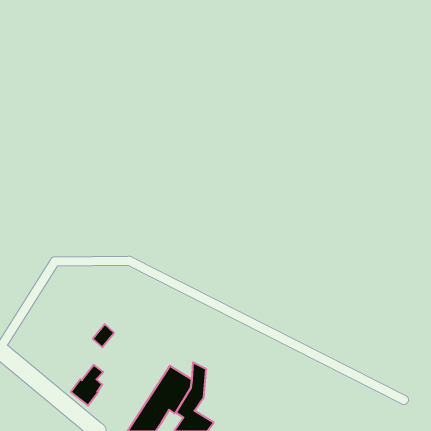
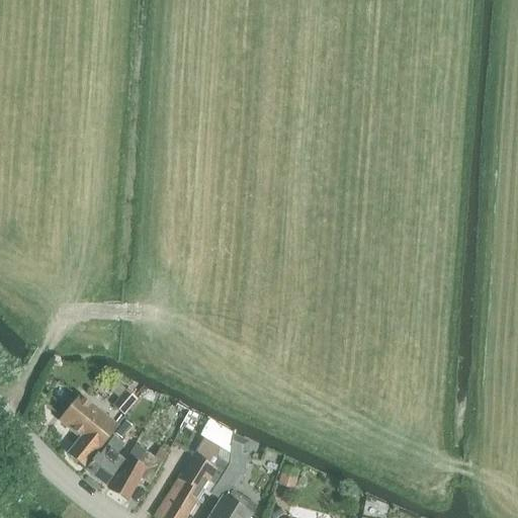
building: none -> [60,394,118,466]
building: none -> [109,444,162,500]

